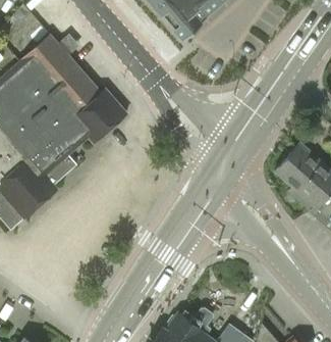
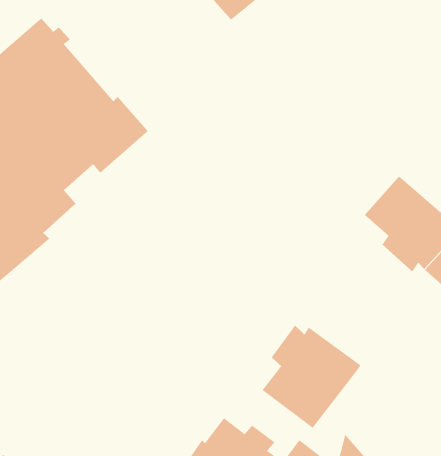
building: none -> [261,325,361,429]

